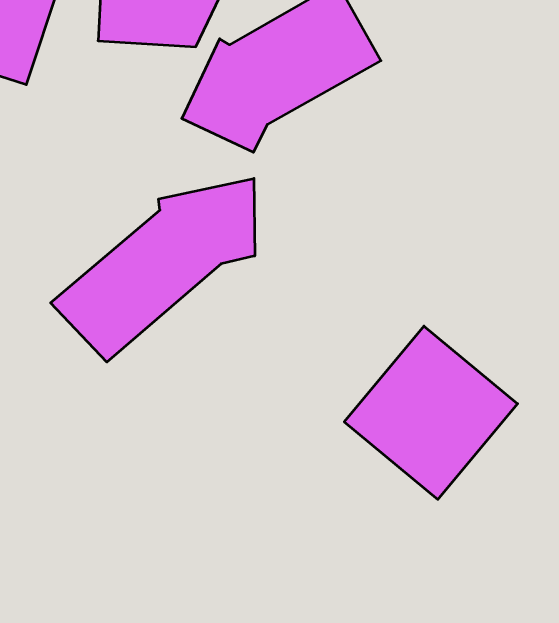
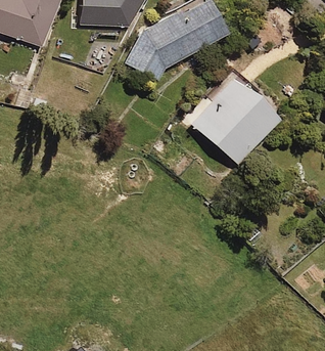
building: [51,178,255,362] -> none
building: [344,326,518,499] -> [192,76,281,165]

